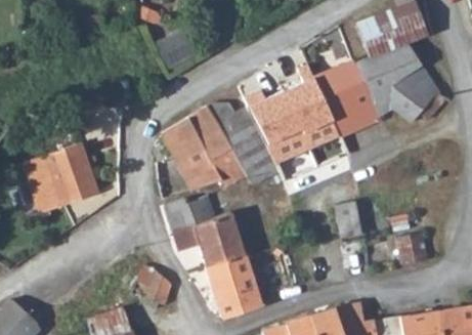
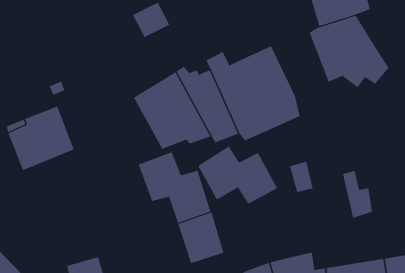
building: [314,62,377,133] -> none
building: none -> [198,145,278,205]
building: [135,268,174,305] -> none

